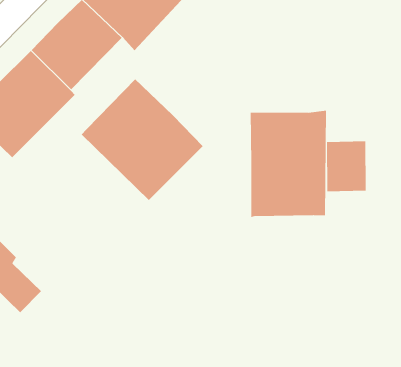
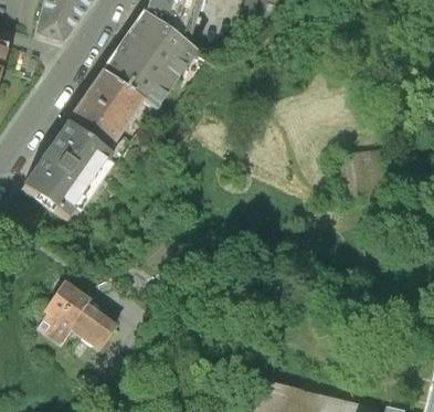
building: [81,79,203,201] -> none
building: [250,110,327,218] -> none

